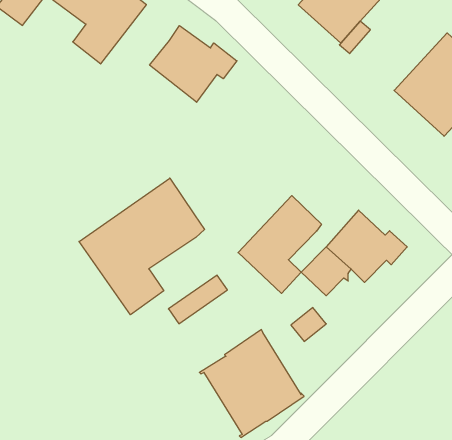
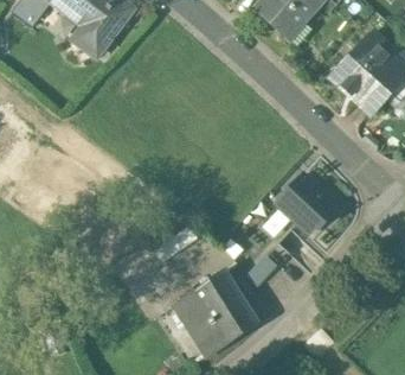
building: [150,26,237,102] -> none
building: [79,178,205,315] -> none
building: [238,196,321,293] -> none

